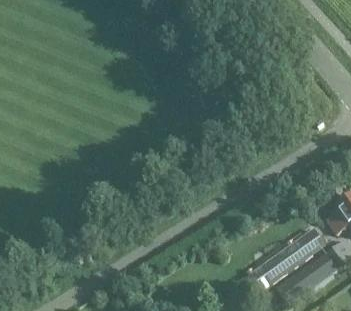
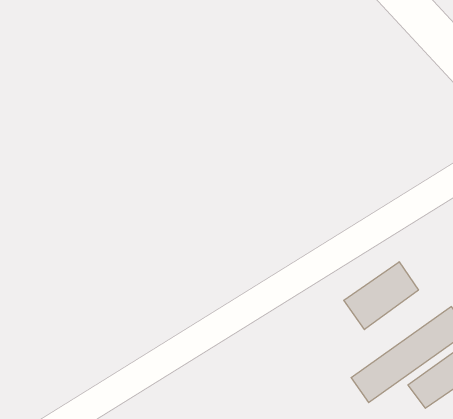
building: none -> [344,262,418,330]

